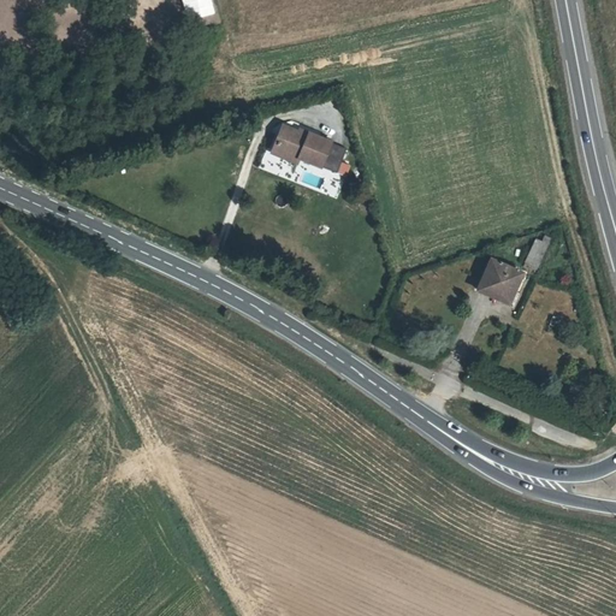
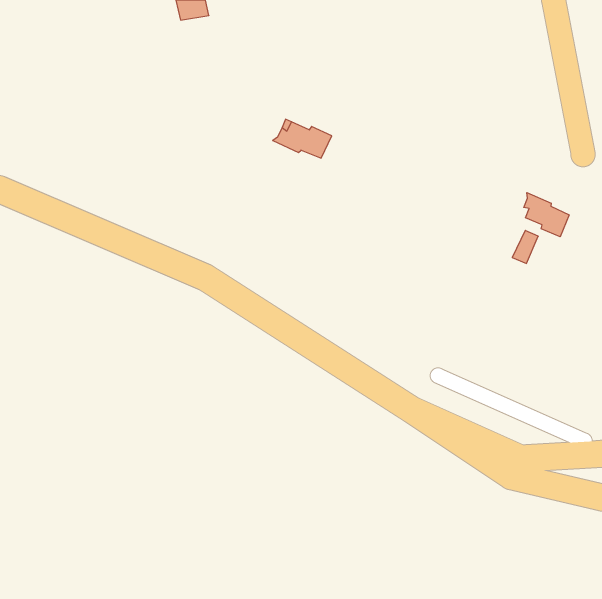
building: none -> [524,193,569,237]
building: [476,261,521,300] -> none

